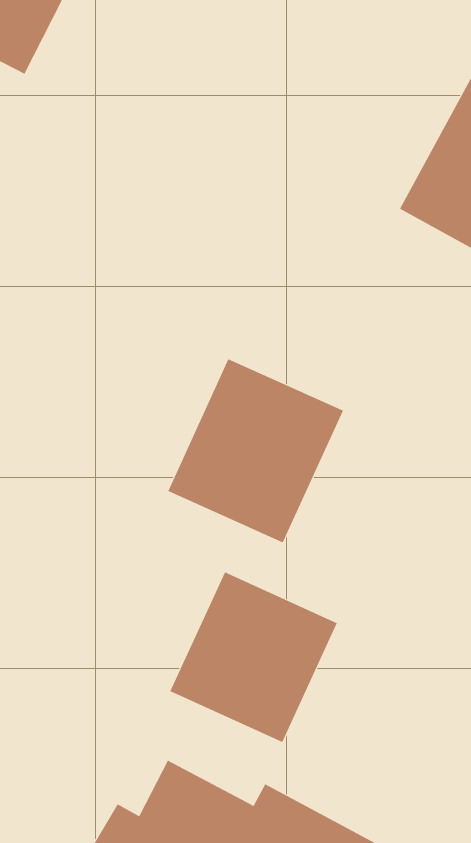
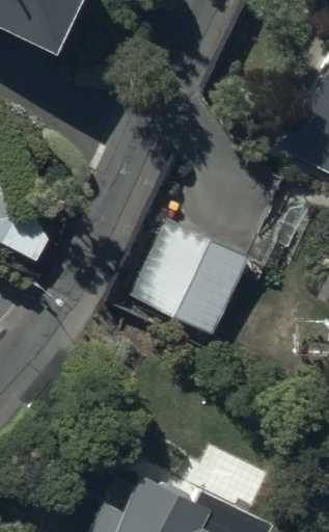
building: [169,571,338,743] -> none

